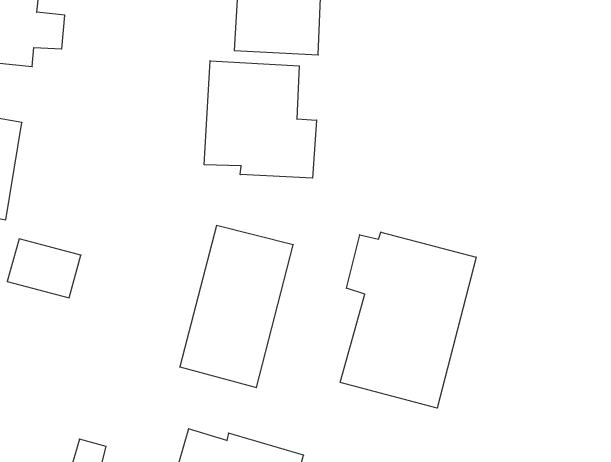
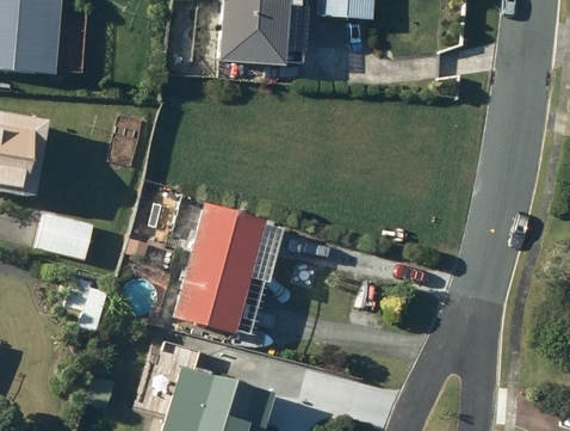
building: [204,61,317,178] -> none
building: [340,232,476,408] -> none

